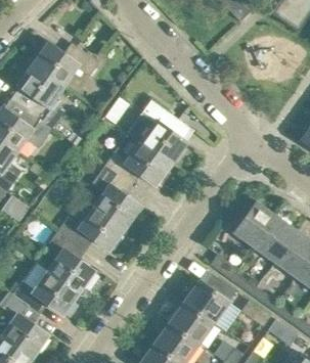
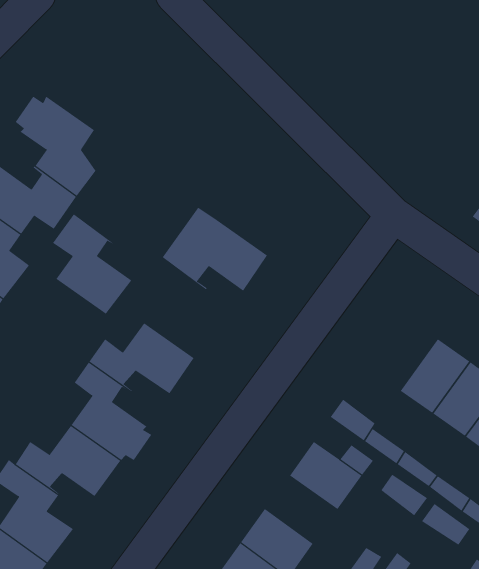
building: [32,42,98,85] -> none
building: [139,100,187,164] -> none
building: [91,165,141,228] -> [52,214,132,315]
building: [232,200,277,248] -> none
building: [169,302,215,345] -> none

